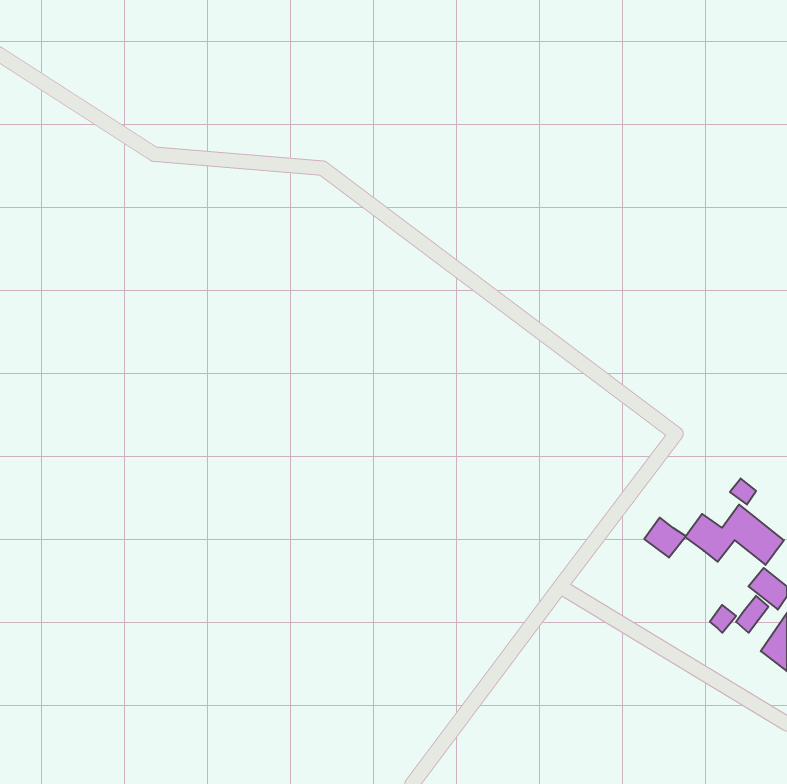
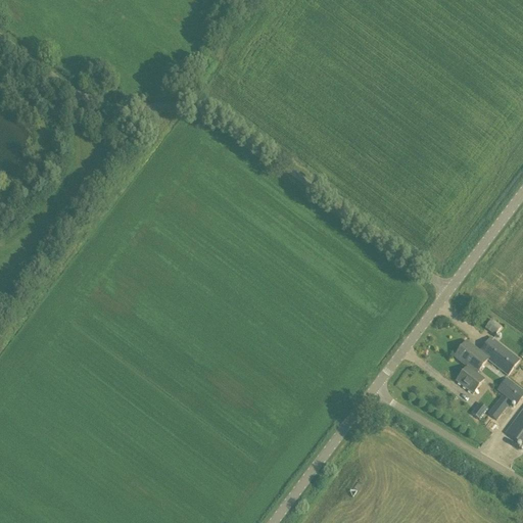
building: [644,518,686,558] -> [456,365,483,391]

